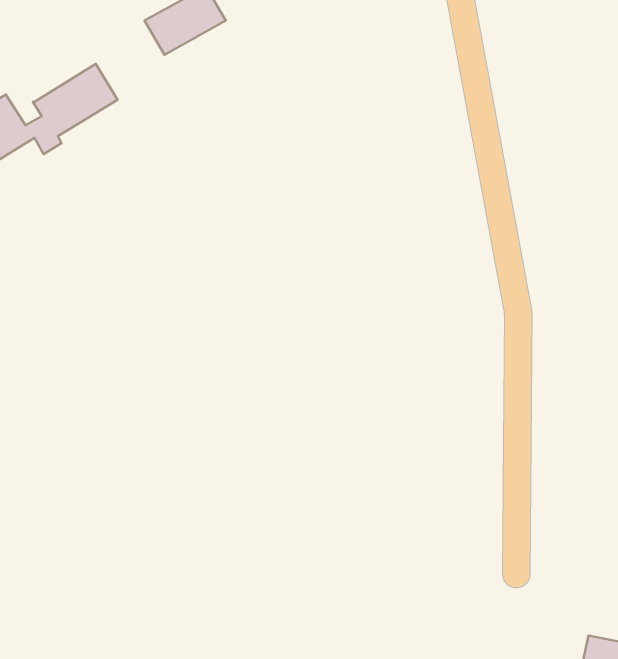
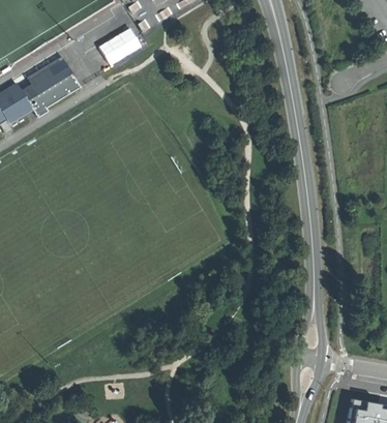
building: none -> [24,56,67,91]

